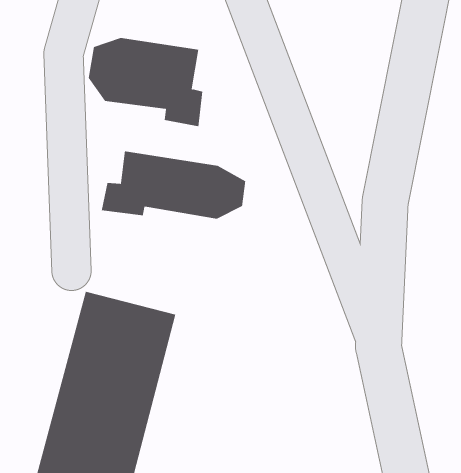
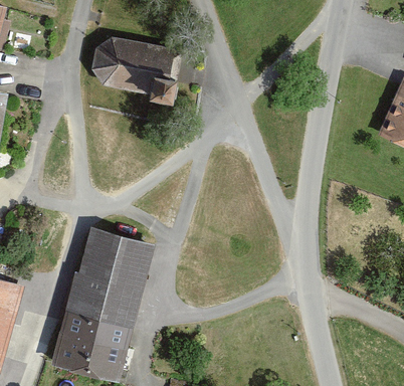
building: [101,151,246,220] -> none

